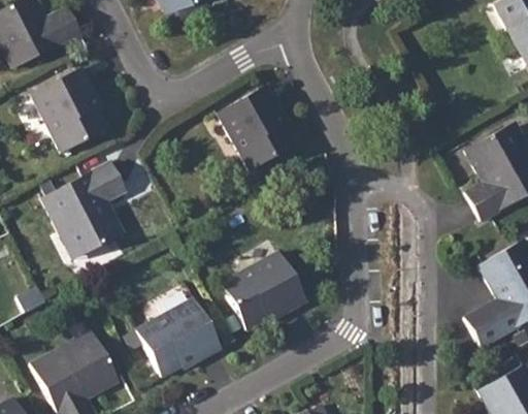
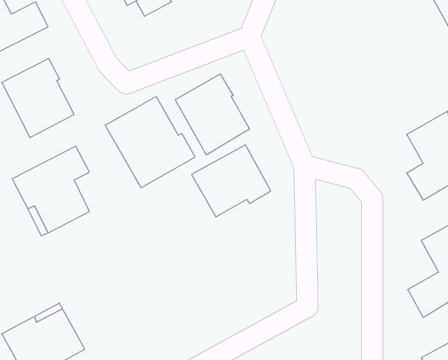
building: none -> [105,97,195,188]
building: [221,252,305,329] -> [192,145,271,217]
building: [137,298,222,376] -> none

